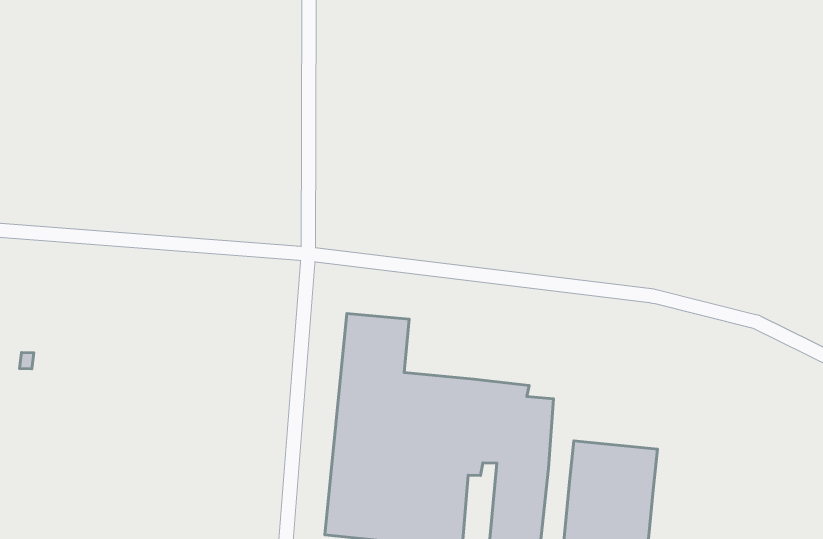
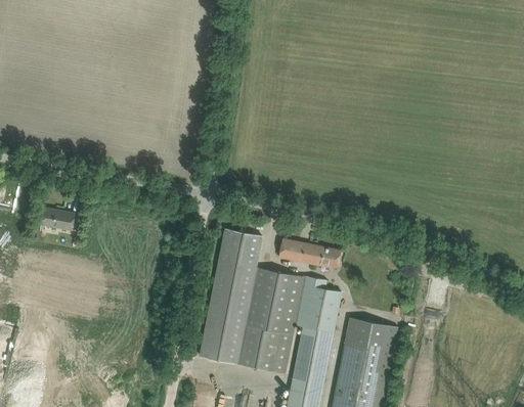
building: none -> [40,208,75,230]
building: none -> [278,238,341,268]

